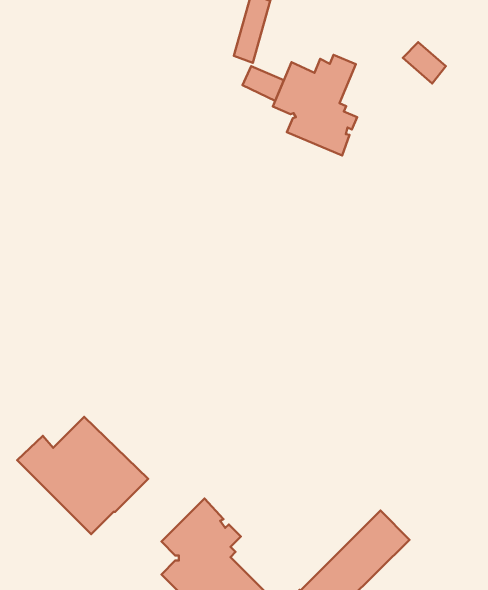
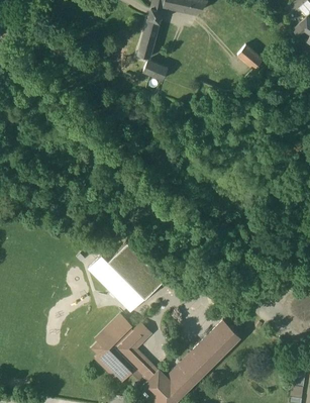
building: [273,55,357,156] -> none
building: [17,417,148,534] -> [88,242,165,311]

